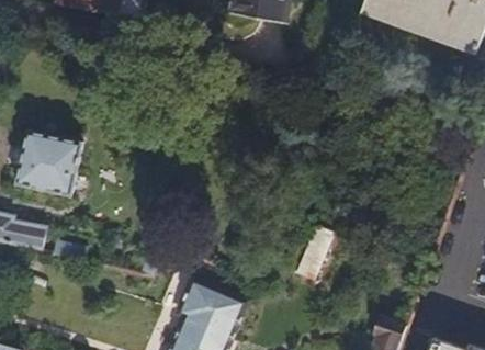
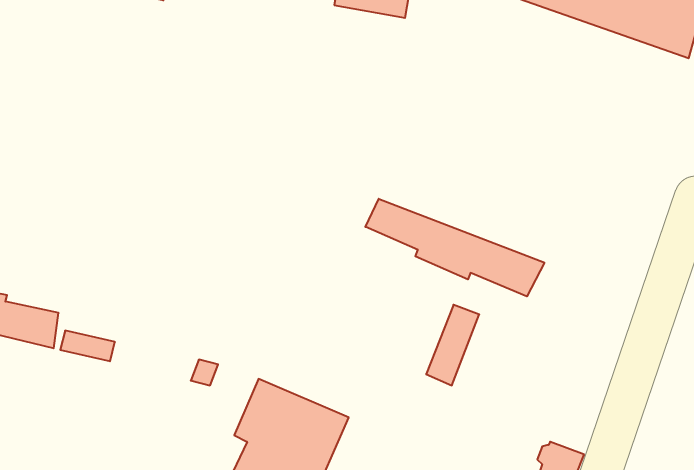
building: [14,132,82,197] -> none
building: none -> [365,199,544,296]

